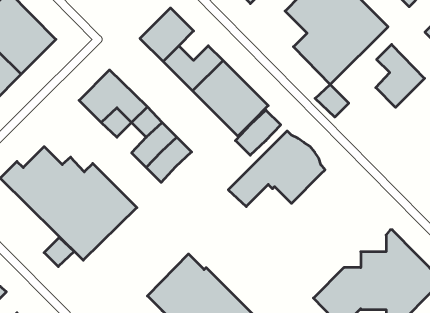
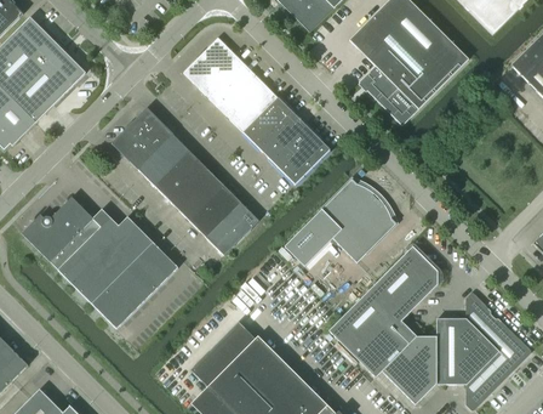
building: none -> [227,63,261,97]
building: [376,44,425,107] -> none
building: [315,85,349,117] -> none
building: [235,110,281,155] -> [206,203,258,255]
building: none -> [155,169,189,204]
building: none -> [328,246,438,378]
building: [44,237,74,267] -> none

